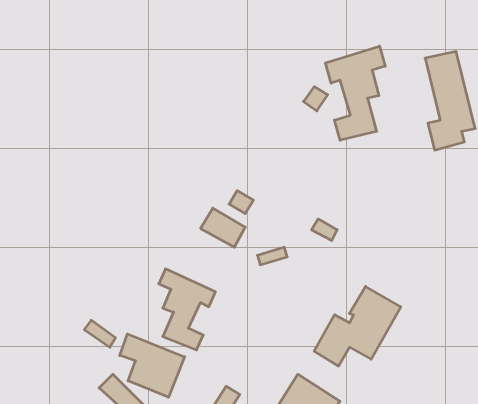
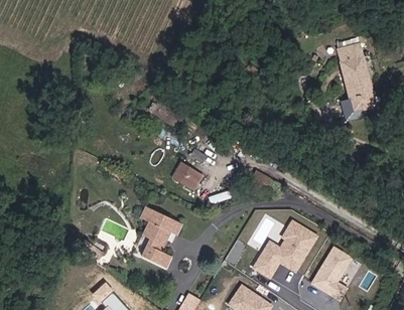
building: [325,46,385,140] -> none
building: none -> [309,246,355,302]
building: [120,334,185,397] -> none

